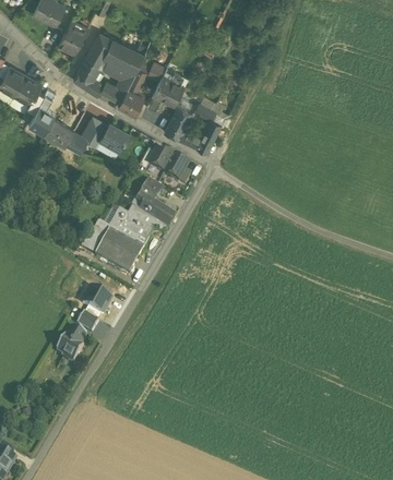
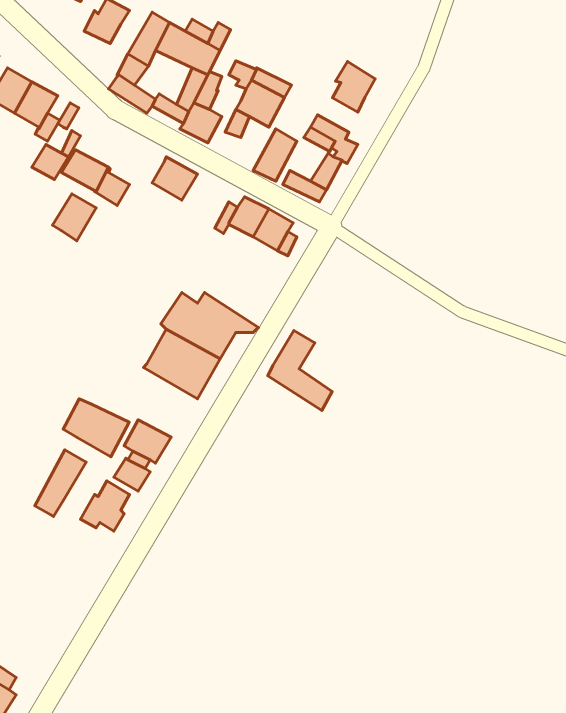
building: none -> [333,61,375,112]
building: [80,118,107,147] -> [53,194,96,241]
building: [132,180,172,230] -> [268,330,332,411]
building: none -> [63,399,129,457]
building: none -> [35,450,86,516]

